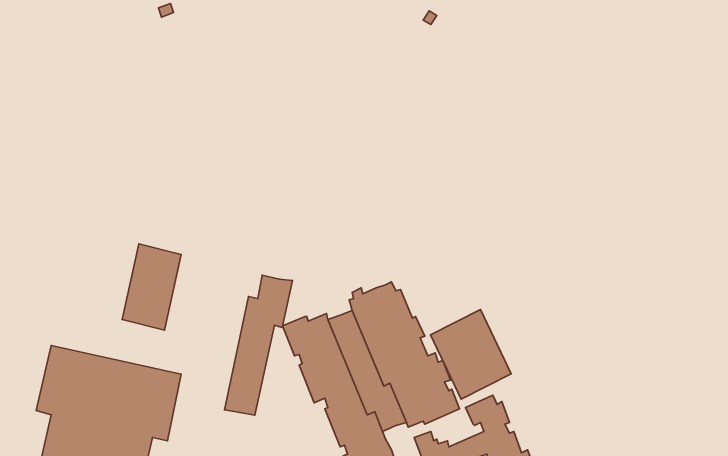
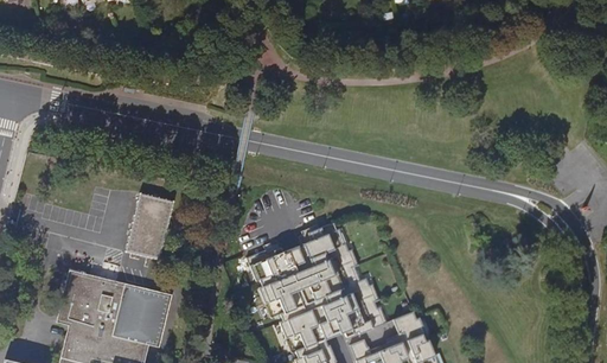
building: [225,275,292,415] -> none
building: [431,310,511,399] -> none

